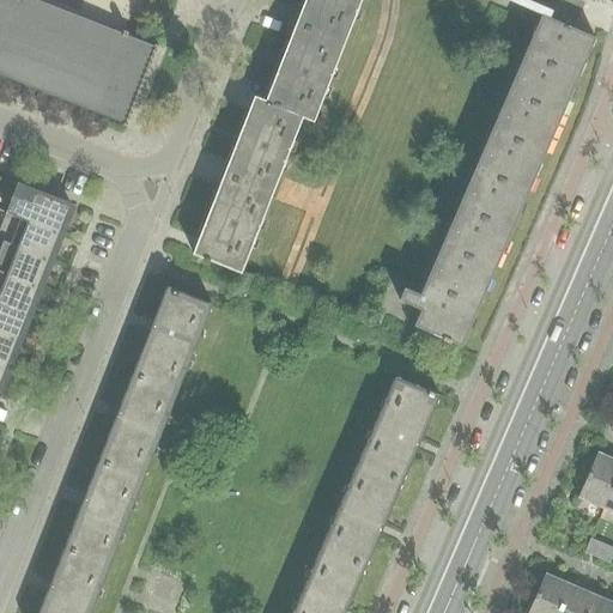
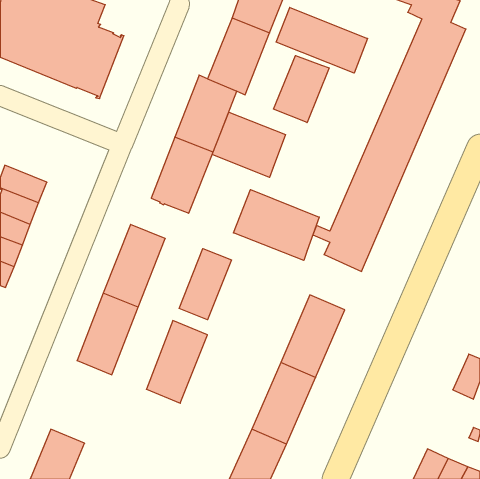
building: none -> [276,7,368,73]
building: none -> [273,56,329,123]
building: none -> [212,112,286,177]
building: [6,184,71,232] -> none
building: none -> [233,190,319,260]
building: none -> [179,249,231,320]
building: [65,460,142,565] -> [146,321,207,403]

